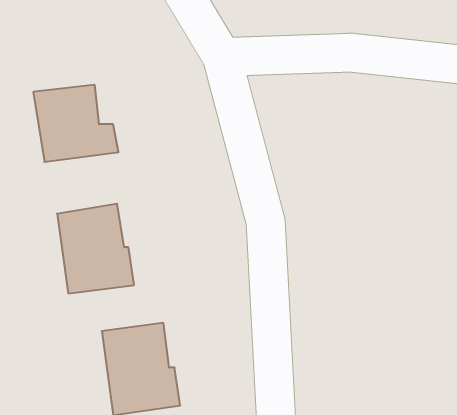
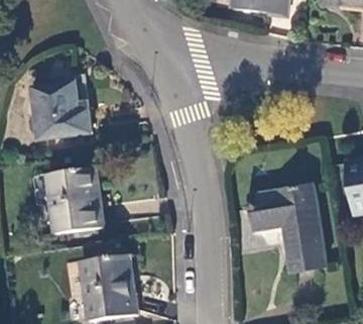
building: none -> [247,185,325,272]

